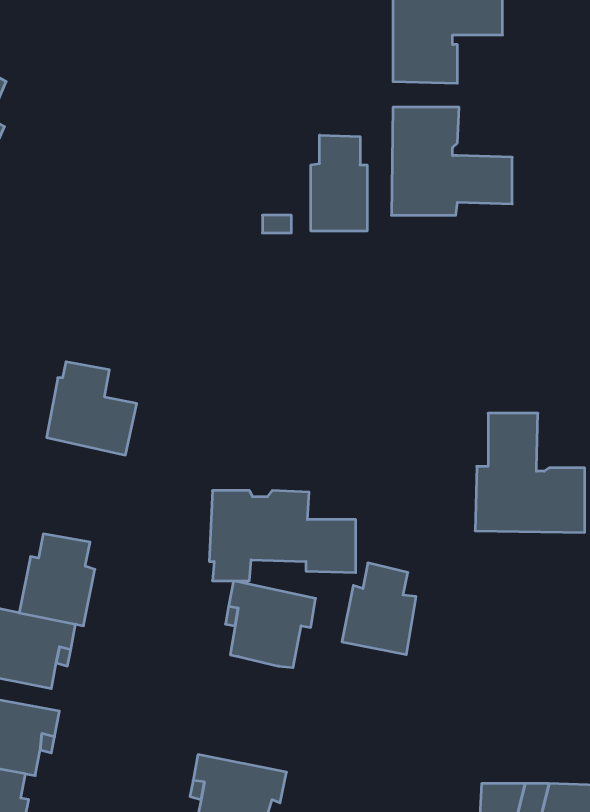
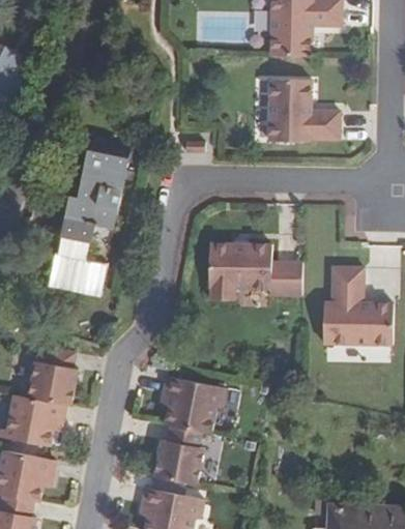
building: [311,135,367,231] -> none
building: none -> [60,145,127,241]
building: [209,491,356,581] -> [208,244,302,302]
building: [342,563,416,655] -> [154,425,202,484]

